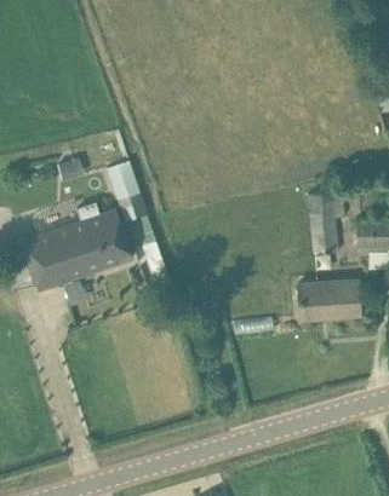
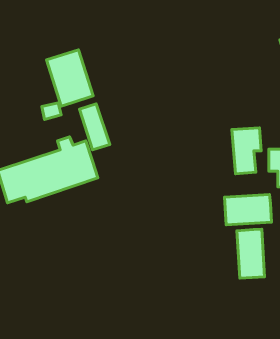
building: none -> [46,50,93,106]
building: none -> [237,229,265,278]

